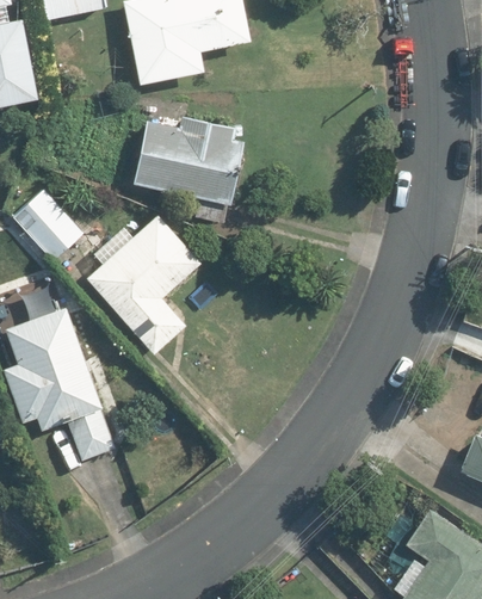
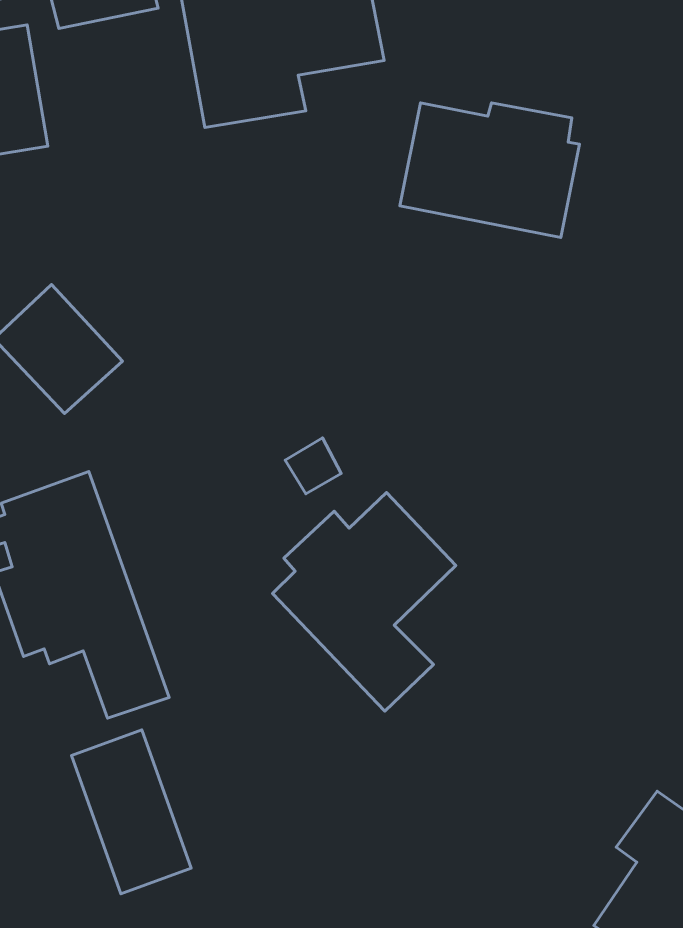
building: [129,117,243,203] -> [400,103,579,238]
building: [82,215,199,354] -> [273,493,456,711]
building: none -> [72,730,191,894]

